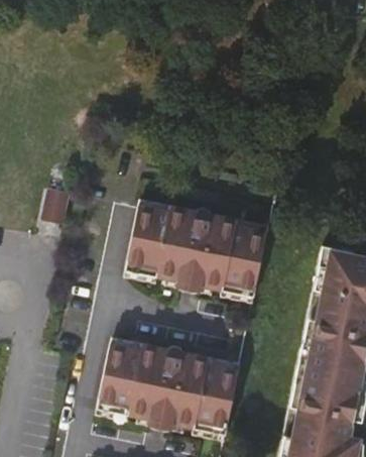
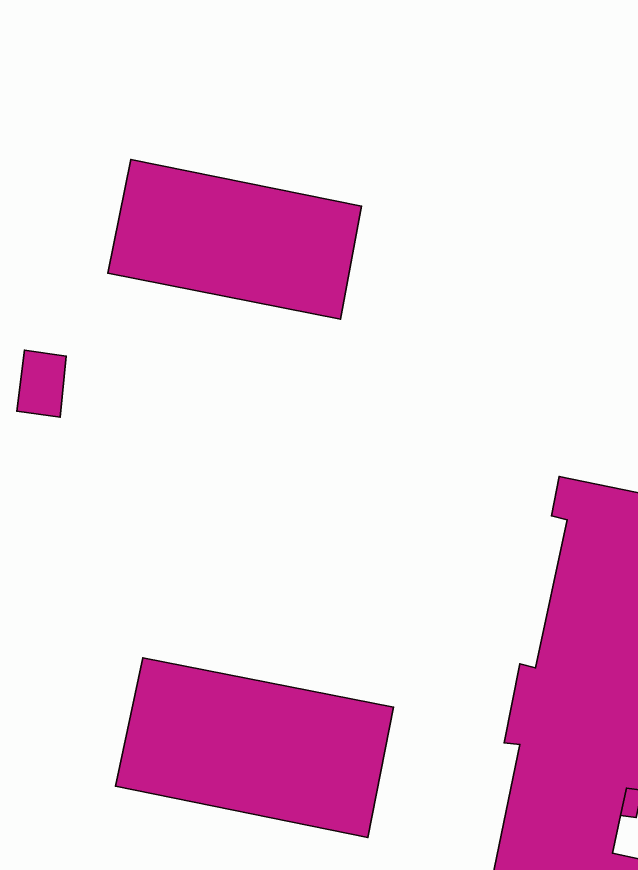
building: none -> [108,159,361,319]
building: [123,204,264,295] -> none

